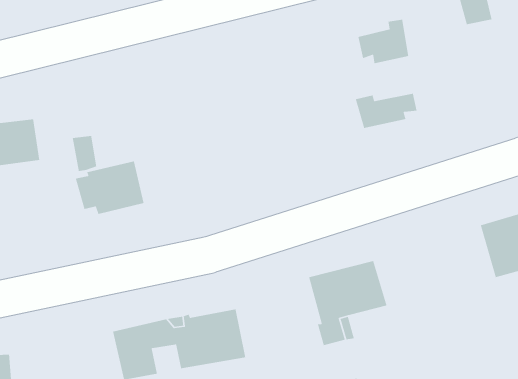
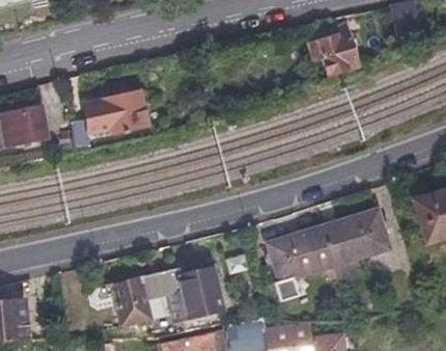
building: [355,93,417,129] -> none
building: [75,160,144,215] -> [94,90,151,135]
building: none -> [324,211,390,263]

